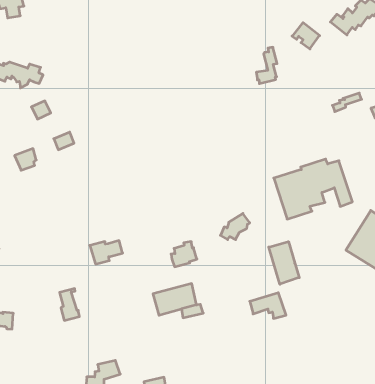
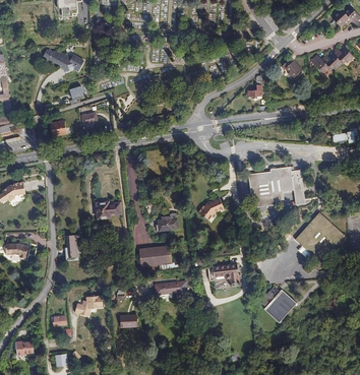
building: [269,242,299,284] -> none
building: none -> [259,286,296,321]
building: none -> [155,280,187,297]

